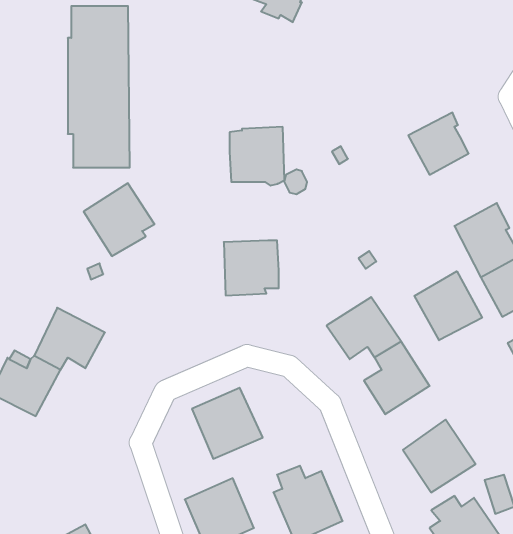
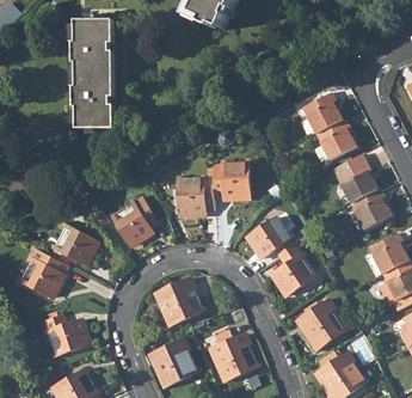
building: [230,127,284,186] -> [213,161,250,201]
building: none -> [315,118,356,160]
building: [84,183,155,256] -> [111,195,159,244]
building: [414,271,482,340] -> none
building: none -> [42,312,87,356]

